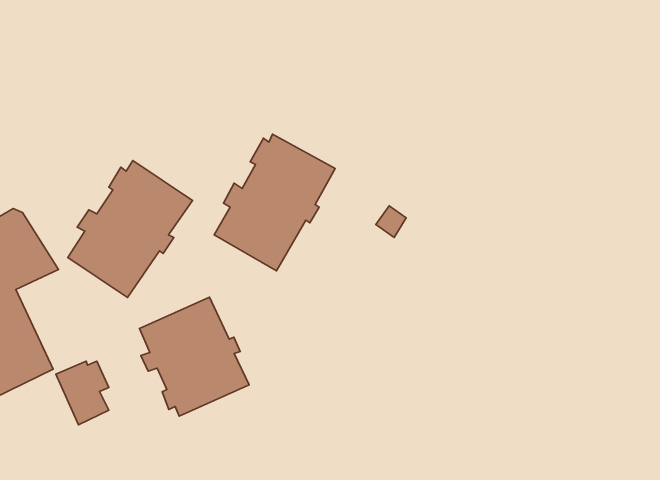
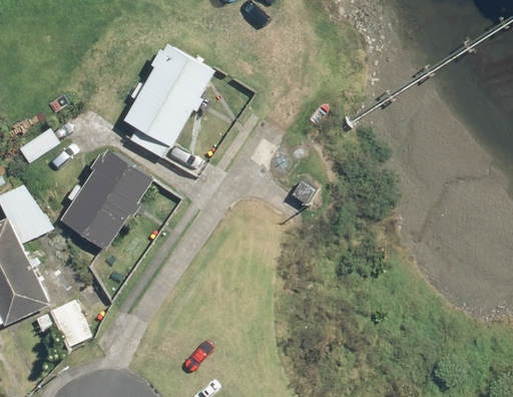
building: [214,134,335,271] -> [123,44,214,147]
building: [139,297,249,416] -> none

